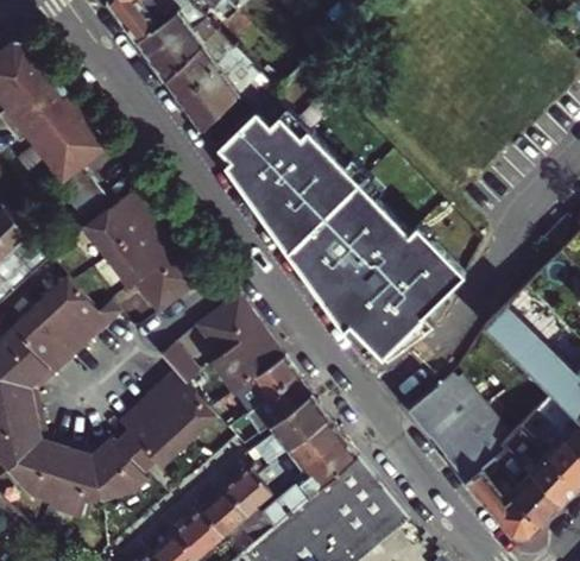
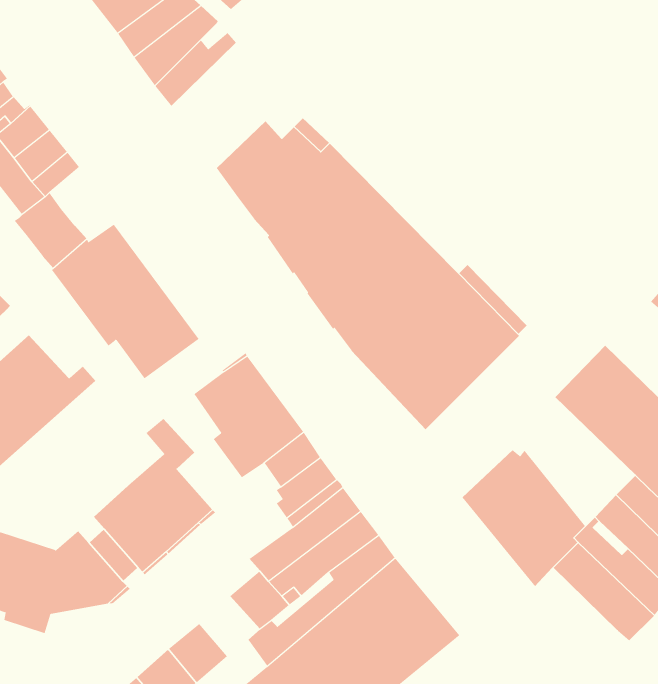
building: [177,49,256,131] -> none
building: [466,466,541,537] -> none
building: [200,488,247,536] -> none

